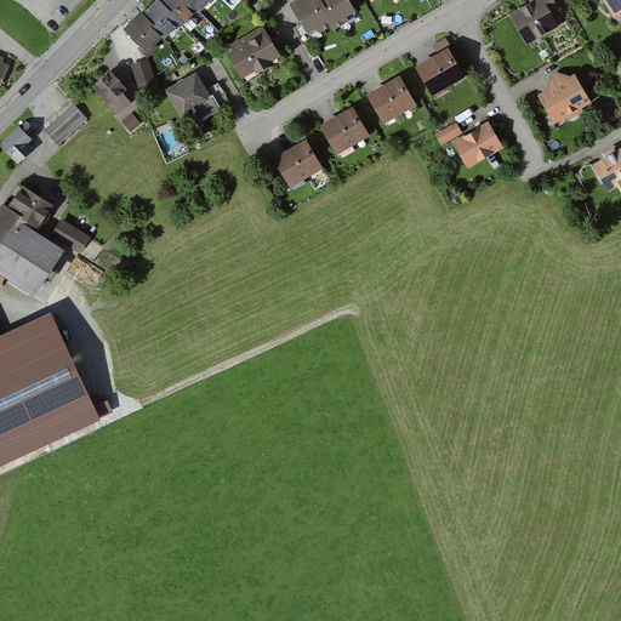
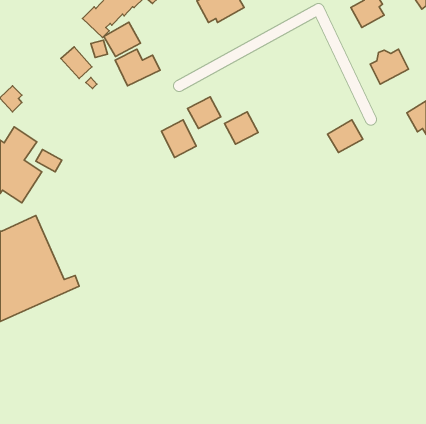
building: [223,25,277,75] -> [104,22,140,57]
building: [415,47,463,95] -> none
building: [365,76,414,123] -> none
building: [46,102,90,143] -> none
building: [319,108,368,155] -> [225,112,258,144]
building: [454,120,505,167] -> [328,120,363,152]
building: none -> [161,120,196,157]

